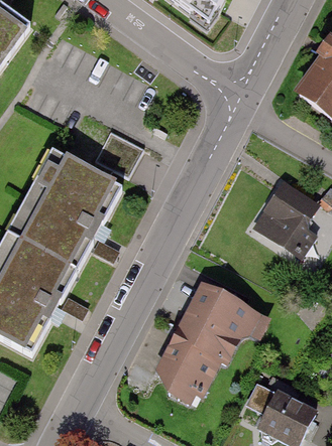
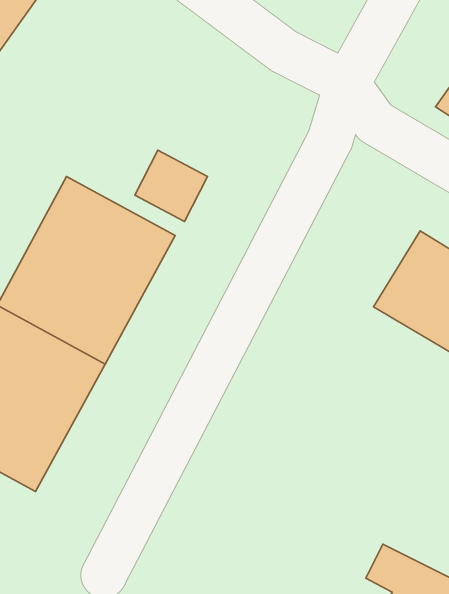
building: [160,284,261,403] -> none

